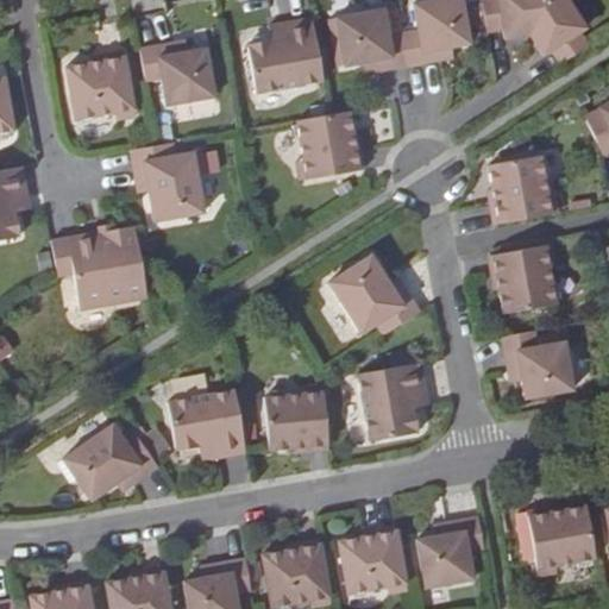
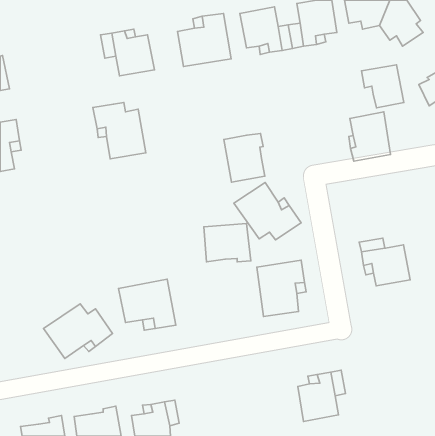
building: [67,56,134,114] -> none
building: none -> [362,65,404,108]
building: [297,112,354,180] -> [224,134,265,182]
building: [52,225,151,308] -> none
building: [488,247,551,314] -> none
building: [264,391,329,445] -> [204,223,251,262]
building: [527,507,595,563] -> none
building: [339,525,404,586] -> none
building: [262,539,329,601] -> none

